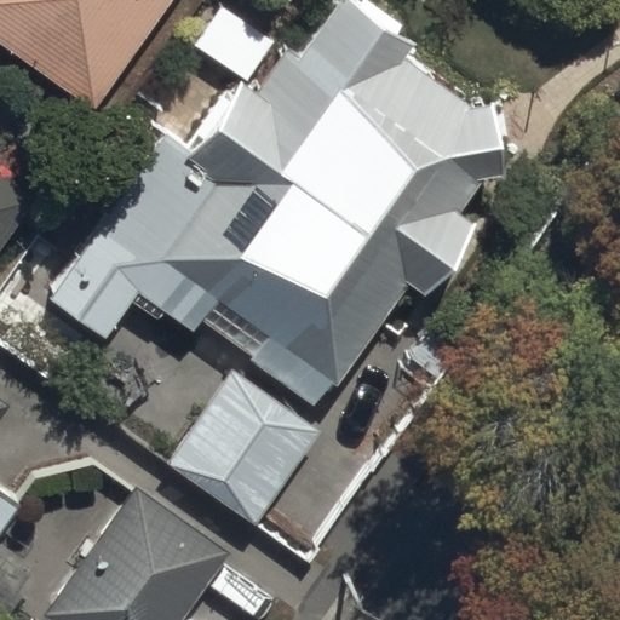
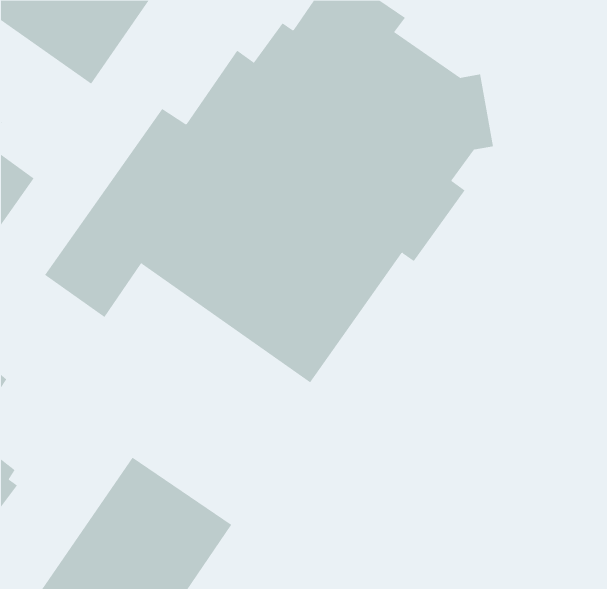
building: [170,375,318,526] -> none

